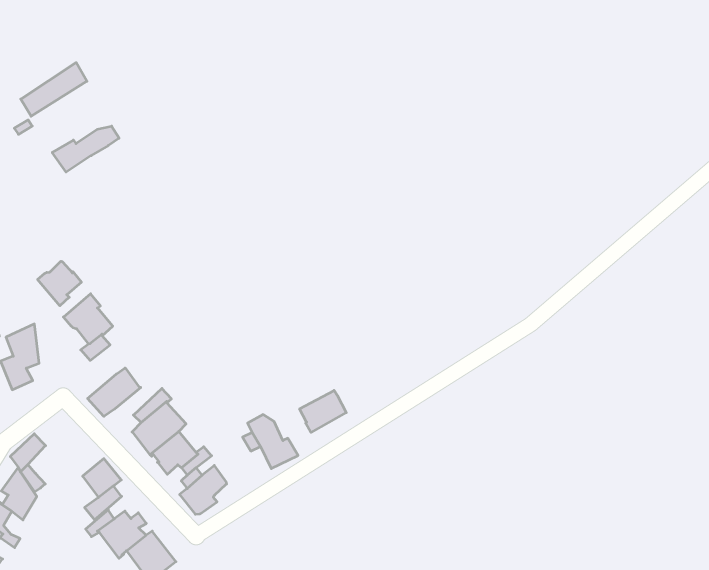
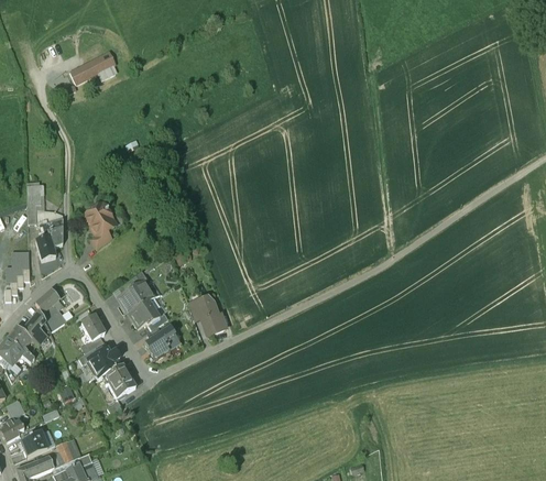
building: [52,126,119,172] -> none
building: [38,261,81,306] -> none
building: [88,368,141,416] -> none
building: [300,390,346,432] -> none

